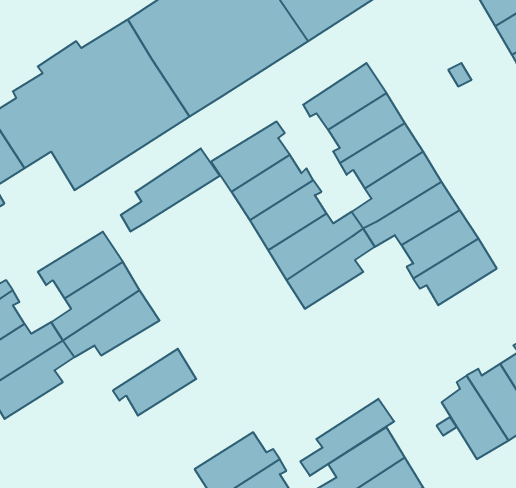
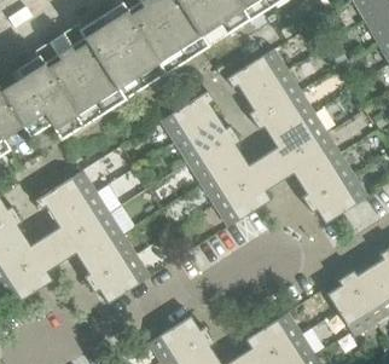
building: [121,148,220,232] -> none
building: none -> [81,235,137,285]
building: [300,399,394,476] -> none

